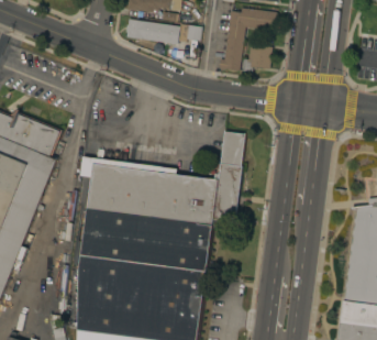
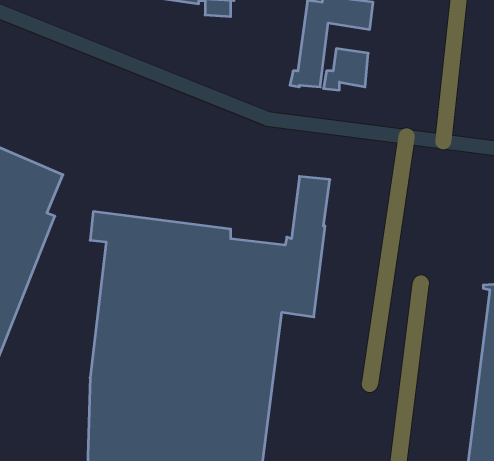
building: [125,20,201,50] -> none

